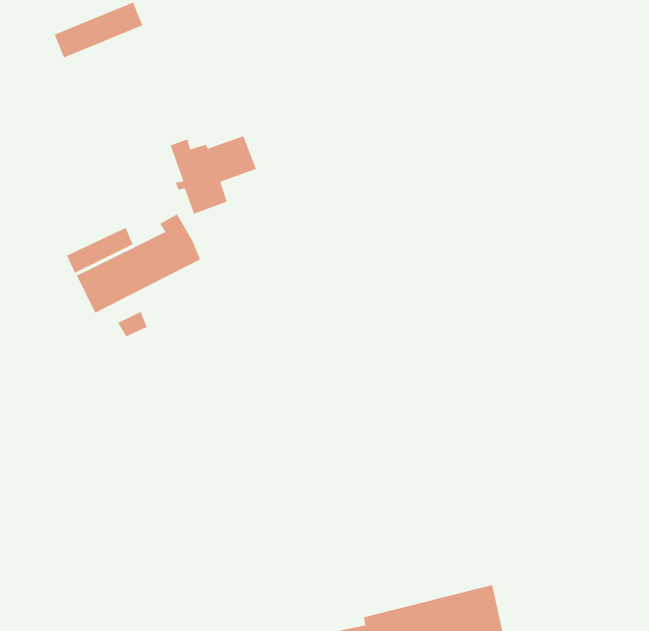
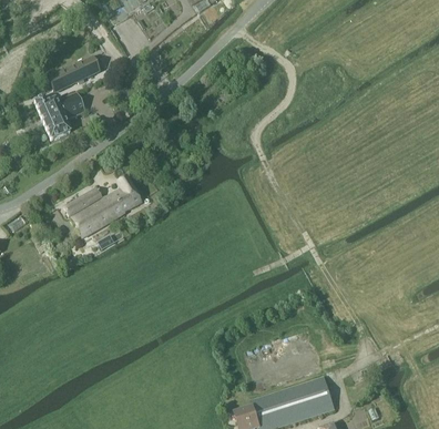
building: [170,135,257,215] -> [33,91,84,139]

